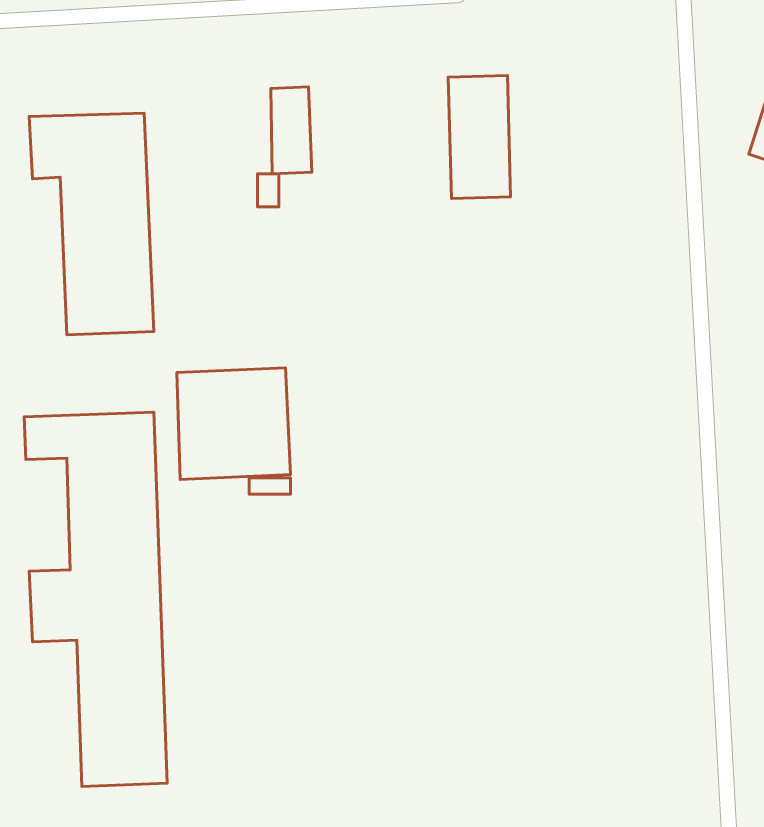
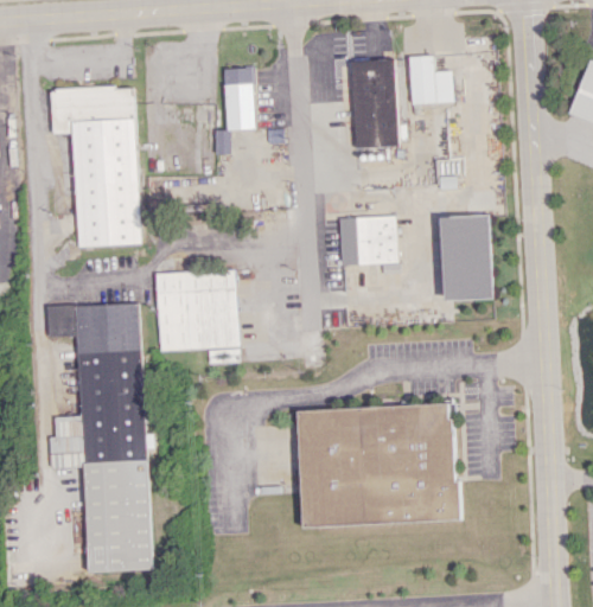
building: none -> [409,56,453,103]
building: none -> [442,215,491,301]
building: none -> [339,216,398,273]
building: none -> [298,404,458,528]

